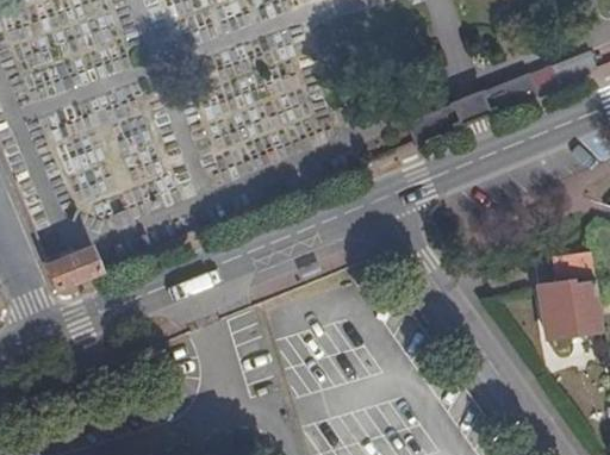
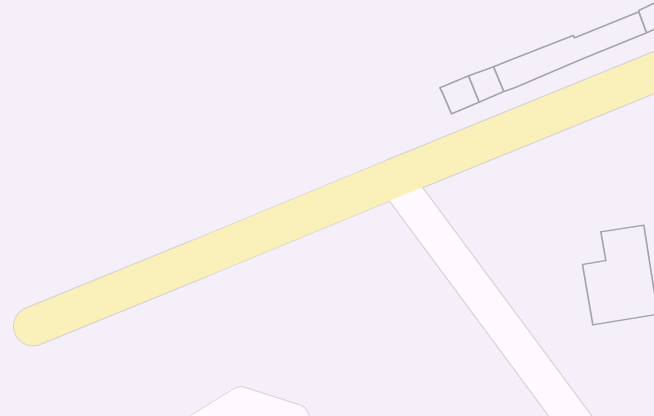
building: [45,244,102,292] -> none

